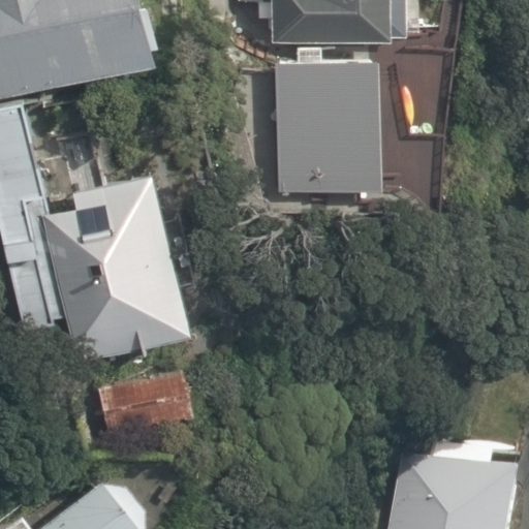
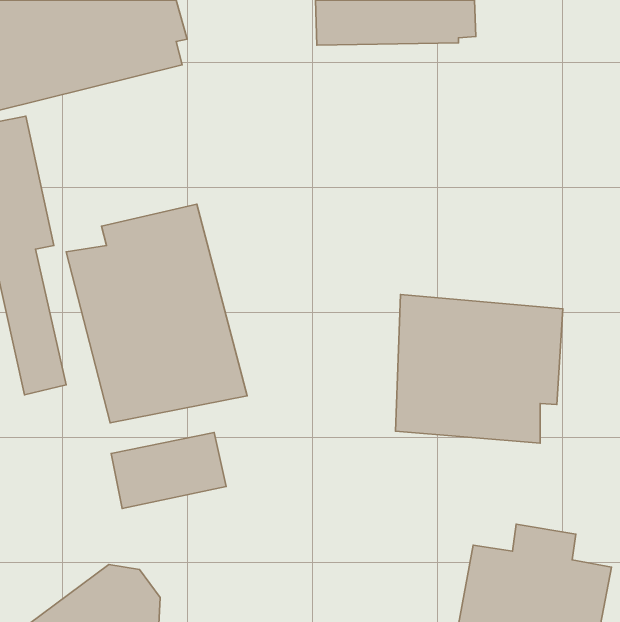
building: [274,66,411,197] -> none
building: none -> [395,294,563,443]

